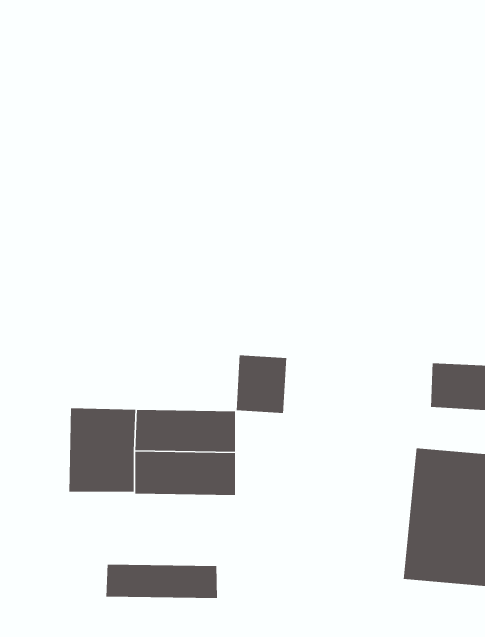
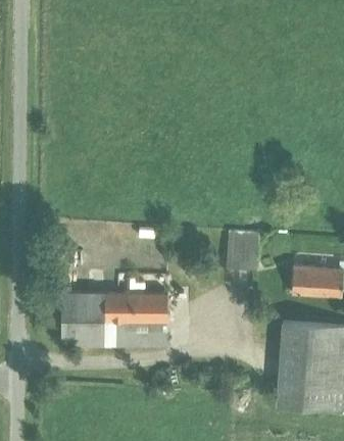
building: [236,354,287,414] -> [227,233,259,271]
building: [106,564,218,599] -> none

